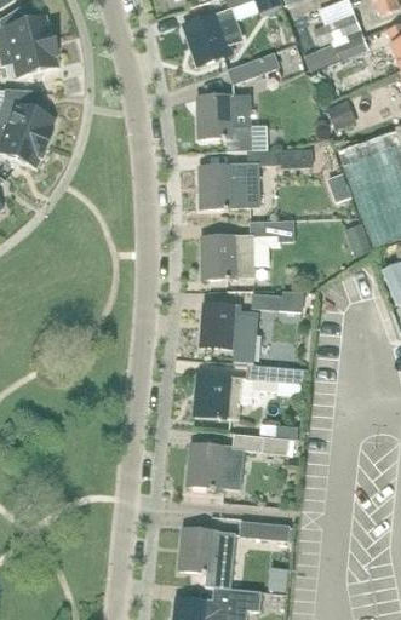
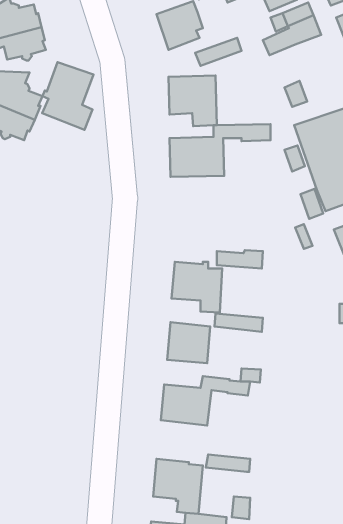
building: none -> [42,62,93,130]
building: [201,219,293,279] -> none

